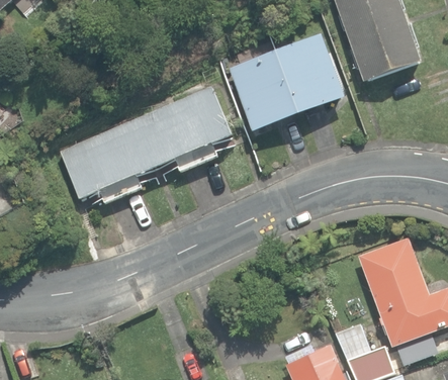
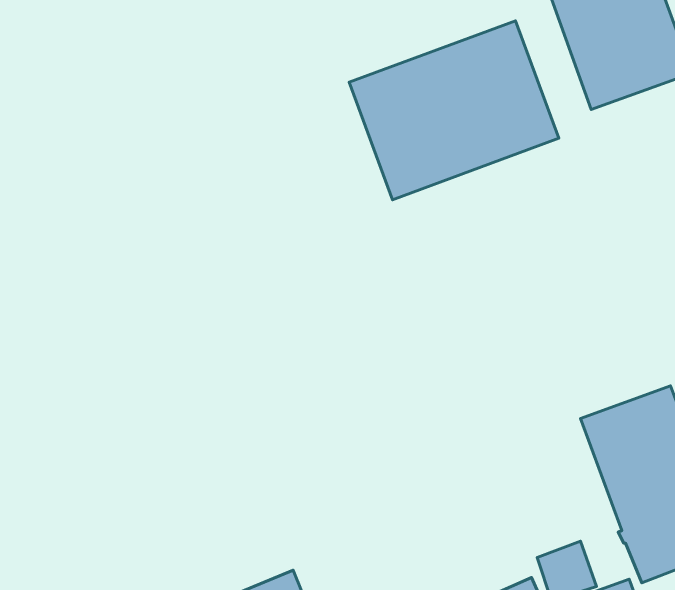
building: [60,86,233,199] -> none

